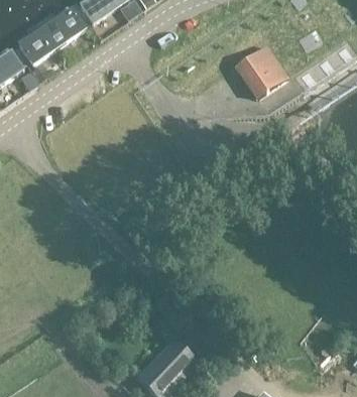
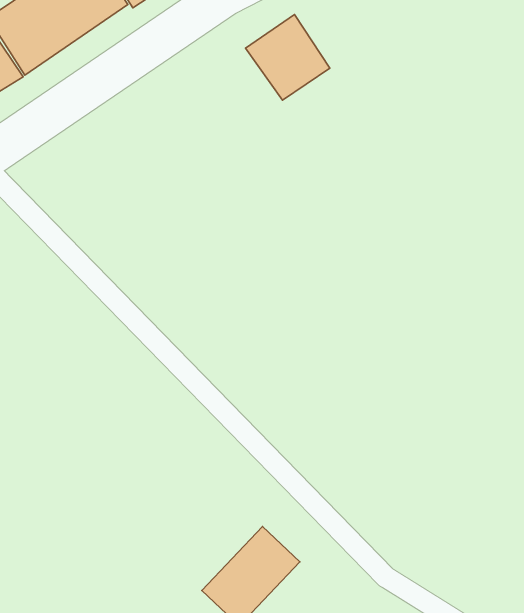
building: [237,44,287,96] -> [246,14,330,100]

